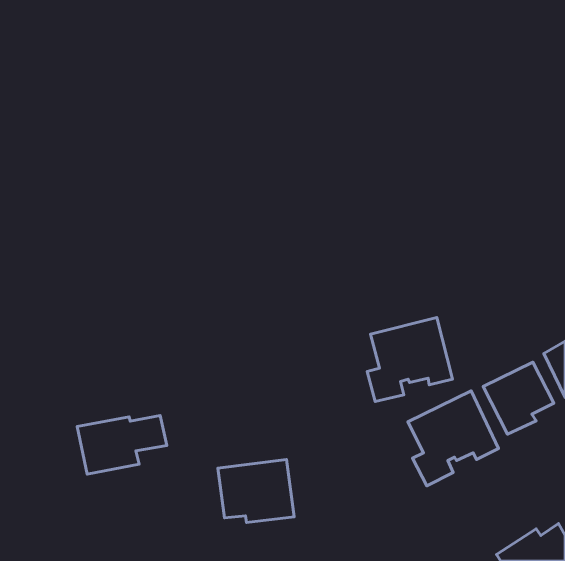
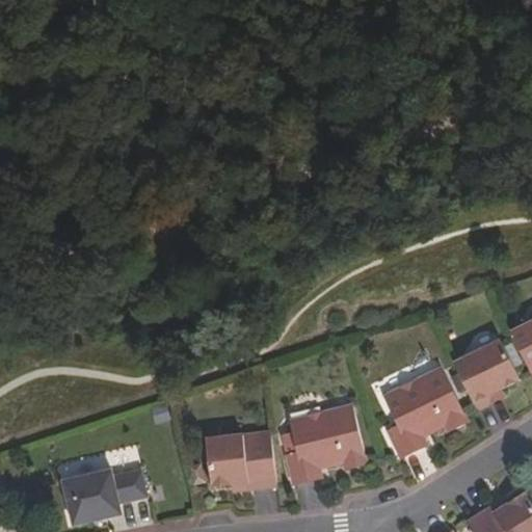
building: [367,317,452,401] -> [286,405,366,484]
building: [77,416,167,474] -> [61,468,145,523]

